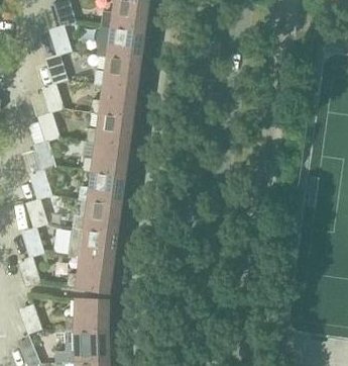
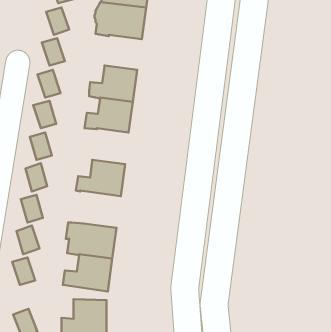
building: [94,56,139,88] -> none
building: [83,142,127,175] -> none
building: [75,199,120,234] -> none

